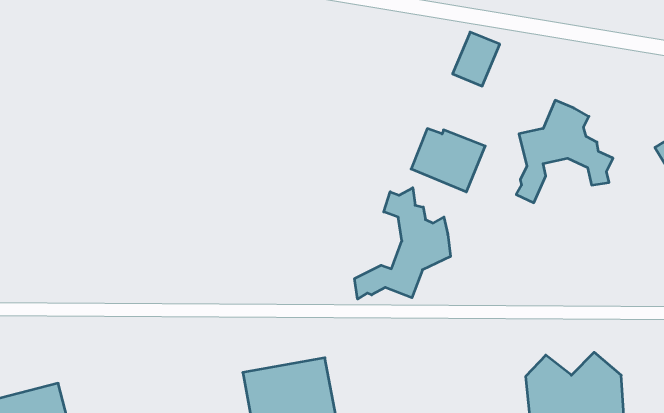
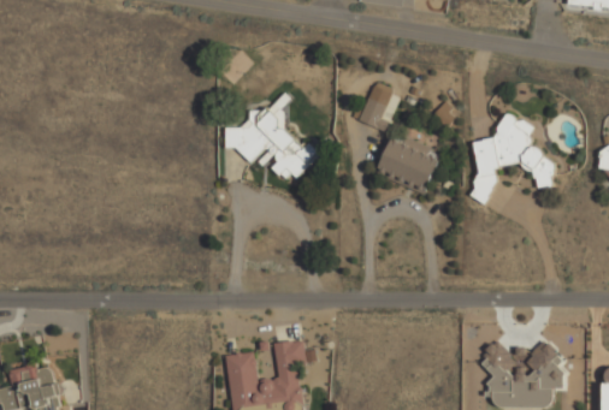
building: [453,32,500,86] -> [359,83,401,131]
building: none -> [225,91,319,176]
building: [355,188,450,299] -> none

